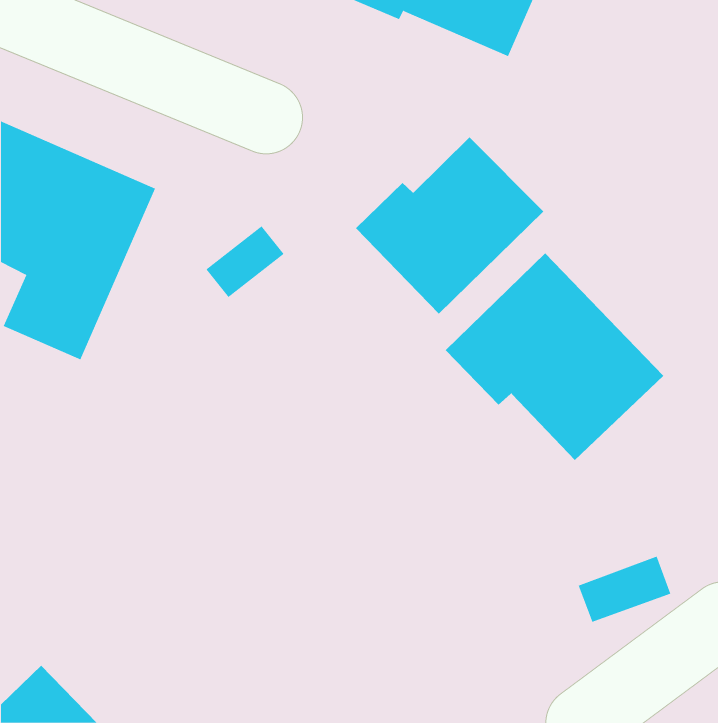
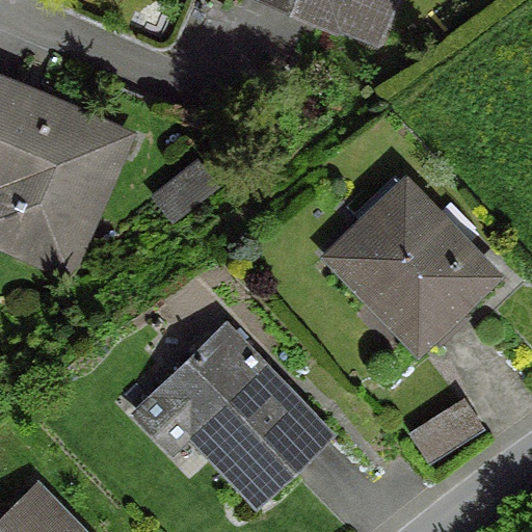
building: [355,136,544,315] -> none
building: none -> [134,324,329,505]

